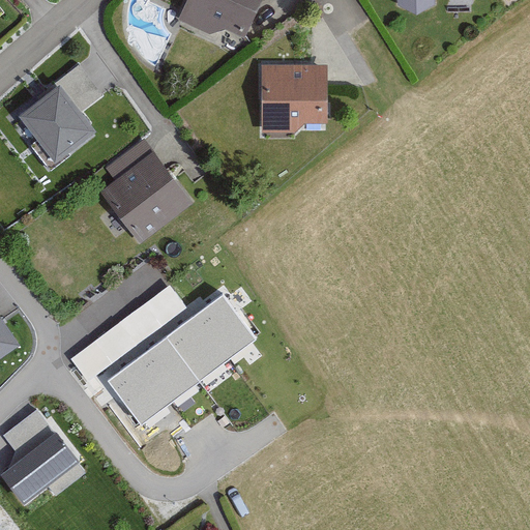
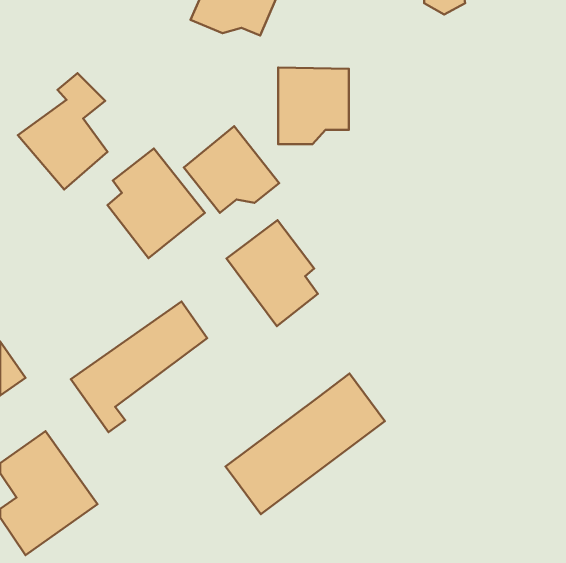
building: none -> [184,126,279,213]
building: none -> [226,220,318,326]
building: [108,293,257,424] -> [225,373,385,514]

